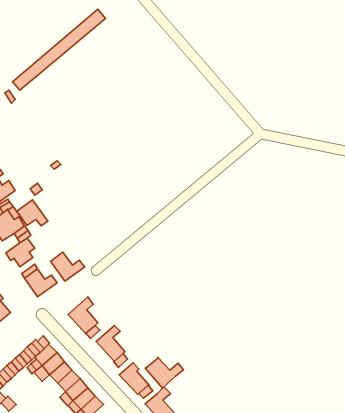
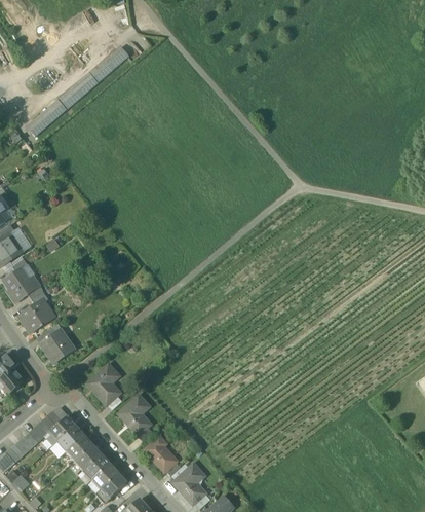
building: [17,200,48,226] -> none
building: [50,252,85,281] -> none
building: [145,357,183,388] -> none

